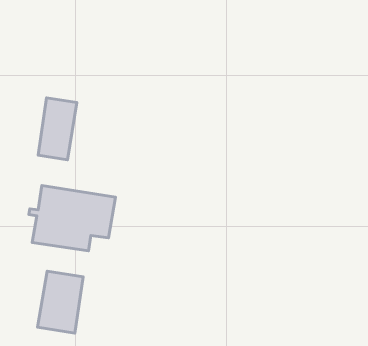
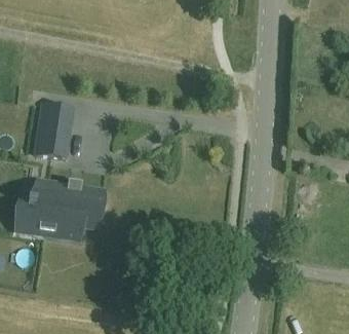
building: [37,271,83,333] -> none

